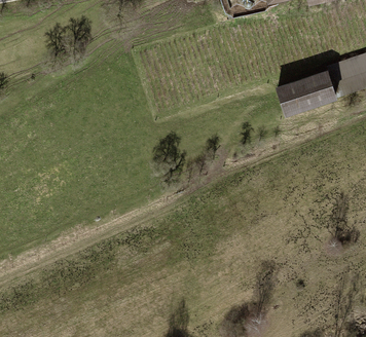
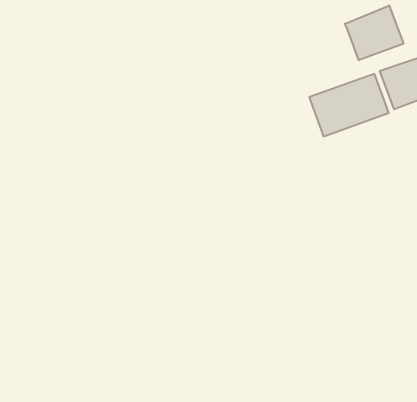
building: none -> [345,5,403,60]

